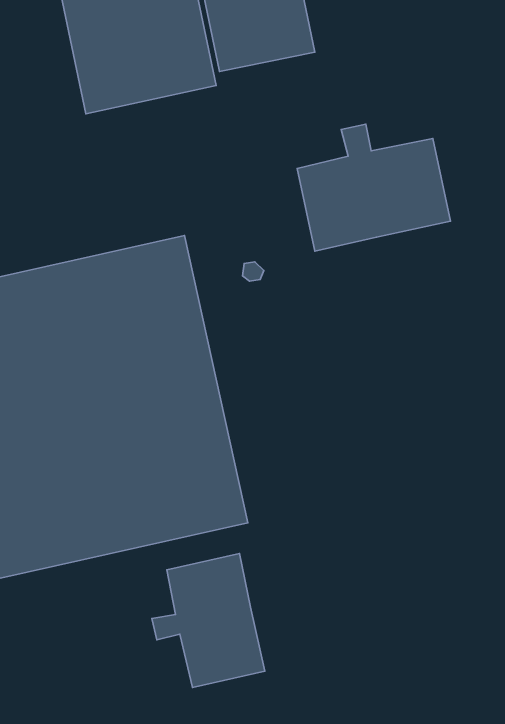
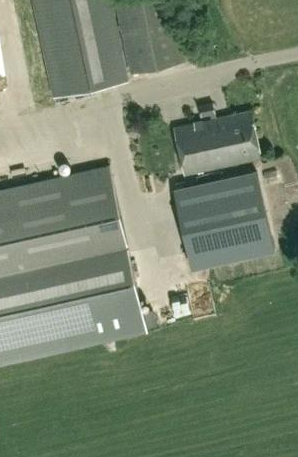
building: none -> [174,172,277,273]
building: [152,553,265,687] -> none

